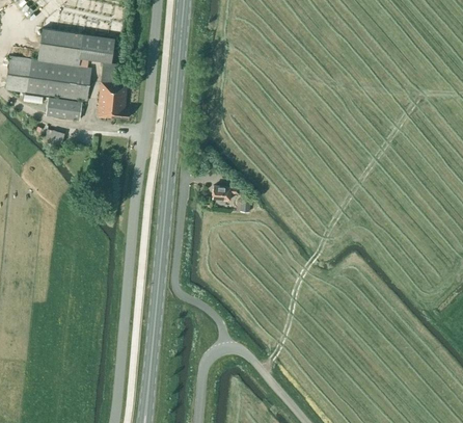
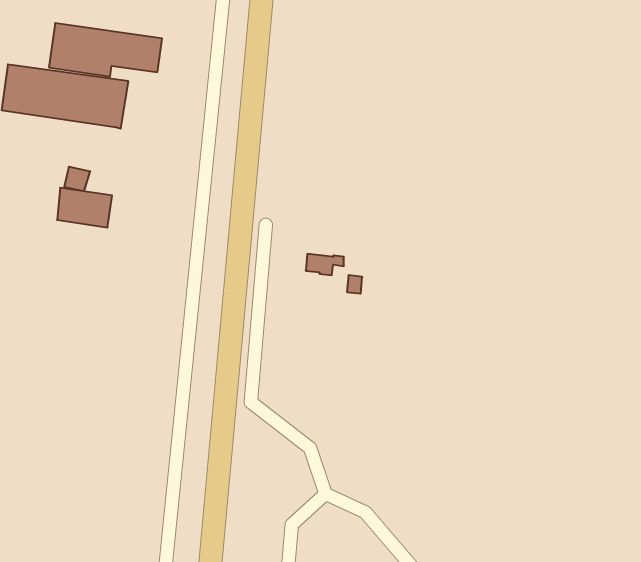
building: [98,81,129,118] -> none
building: [46,95,83,122] -> [57,188,112,227]

